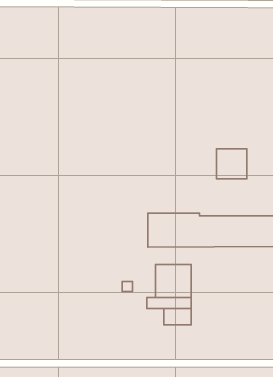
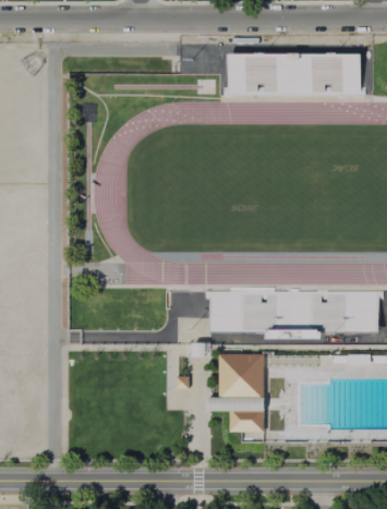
building: none -> [227,53,362,96]
building: [216,149,247,179] -> none

